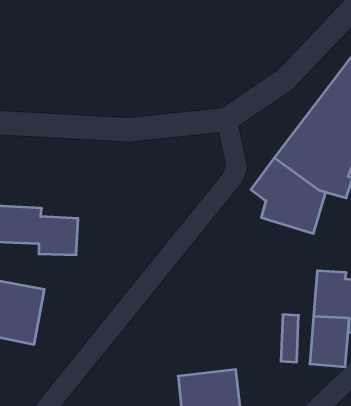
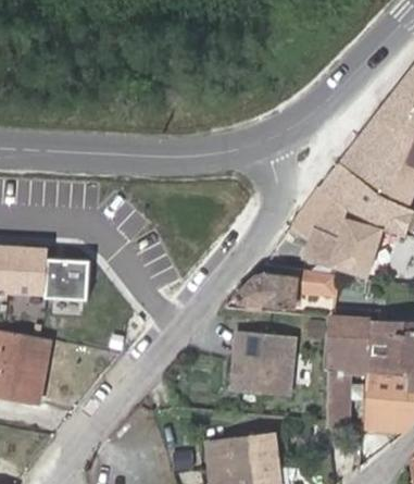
building: none -> [235,268,322,308]
building: none -> [330,317,371,373]
building: none -> [230,331,296,396]

